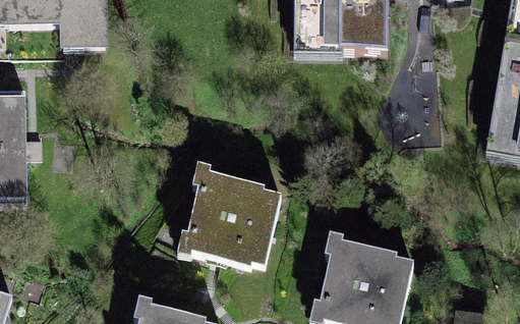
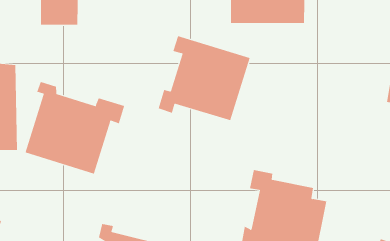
building: none -> [25,81,125,175]
building: [173,164,287,269] -> [158,35,251,121]

